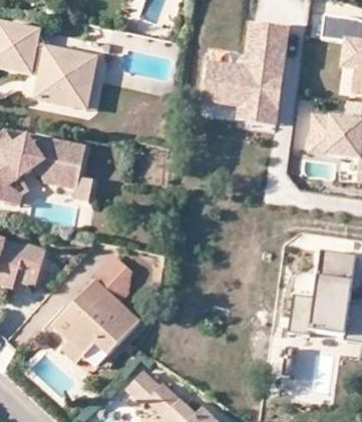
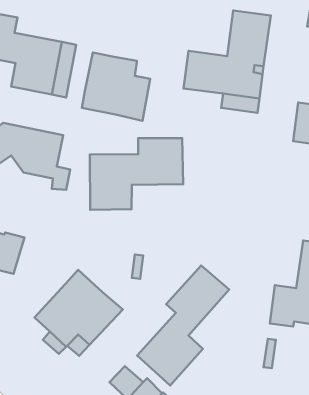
building: none -> [82,53,150,121]
building: none -> [90,138,183,210]
building: [81,254,132,301] -> none
building: none -> [137,265,229,386]

